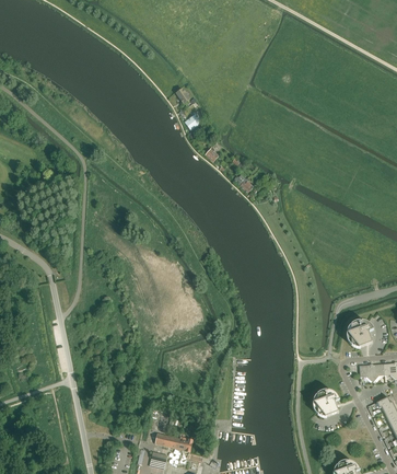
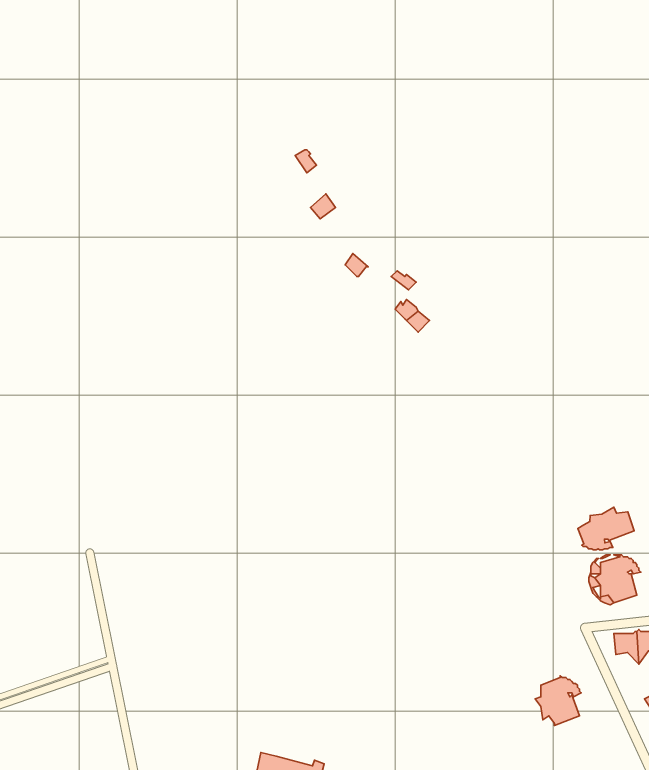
building: none -> [578,507,634,550]

